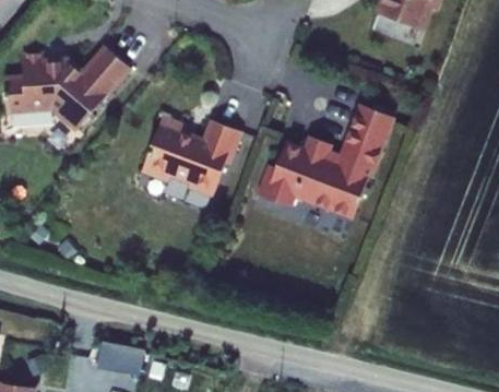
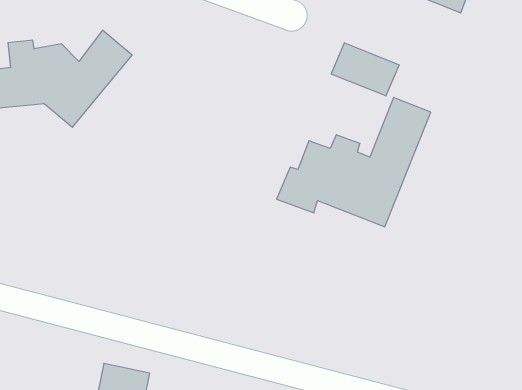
building: none -> [331,43,399,96]
building: [139,115,238,192] -> none

